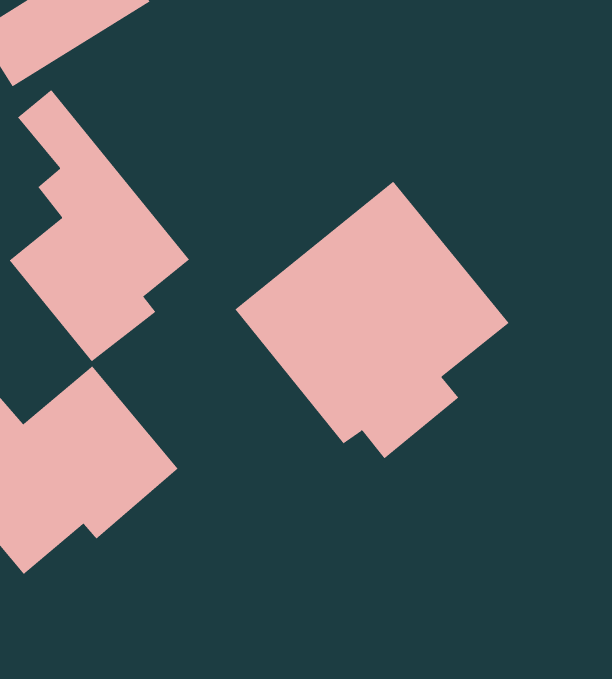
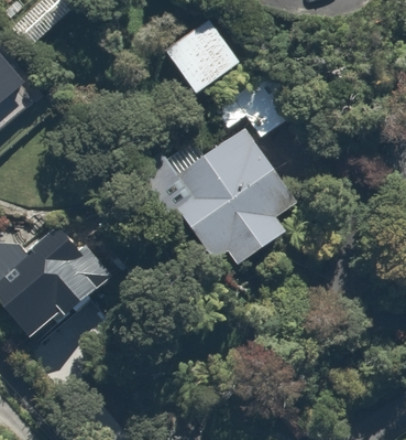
building: none -> [157,17,241,98]
building: [9,89,190,362] -> none

